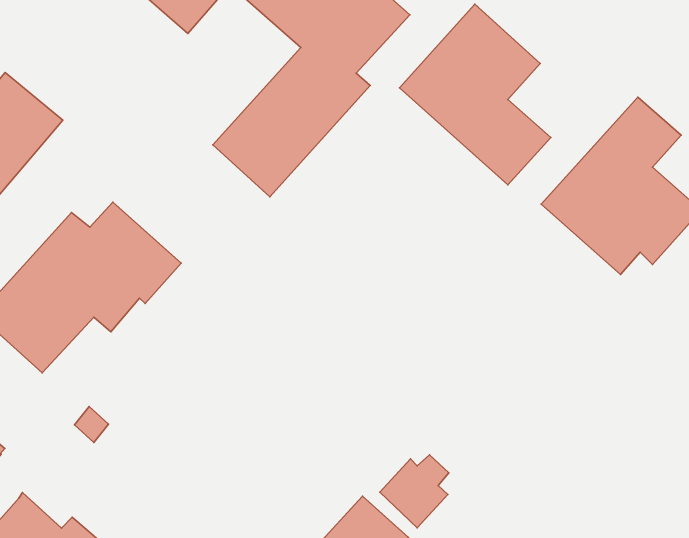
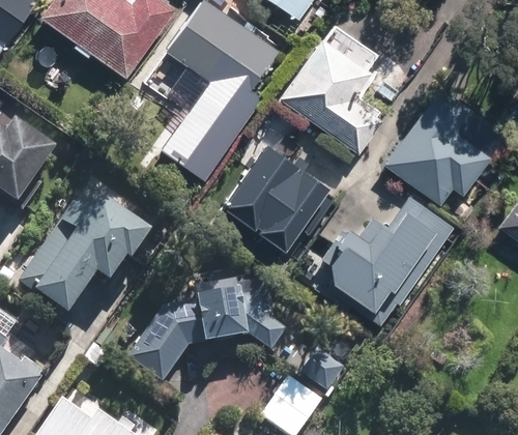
building: none -> [221,143,329,252]
building: none -> [327,195,454,324]
building: none -> [127,286,287,381]

